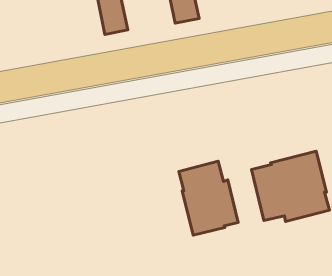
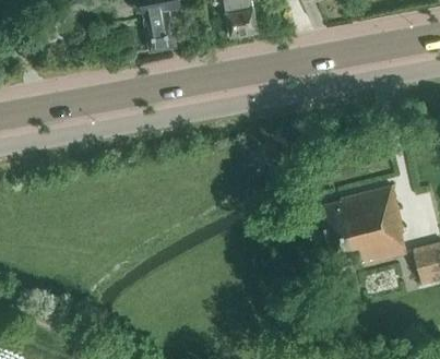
building: [179,161,238,235] -> none

